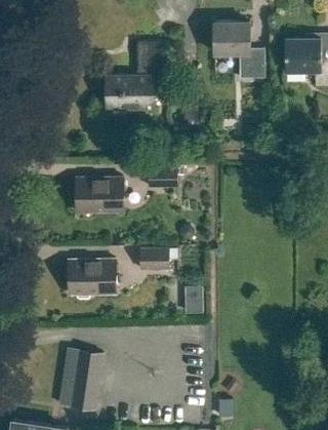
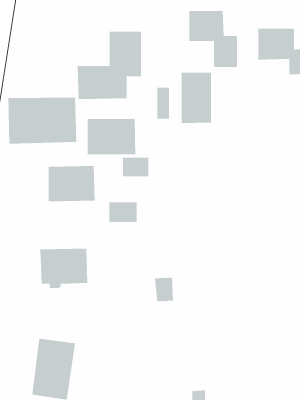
building: none -> [181,72,212,124]
building: none -> [8,97,77,144]
building: none -> [87,118,136,155]
building: [140,248,169,269] -> [108,202,137,223]

